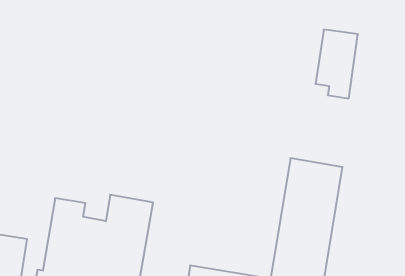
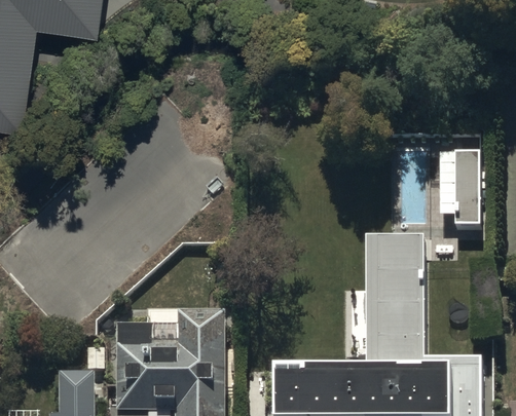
building: [315,30,358,98] -> [437,146,476,218]

